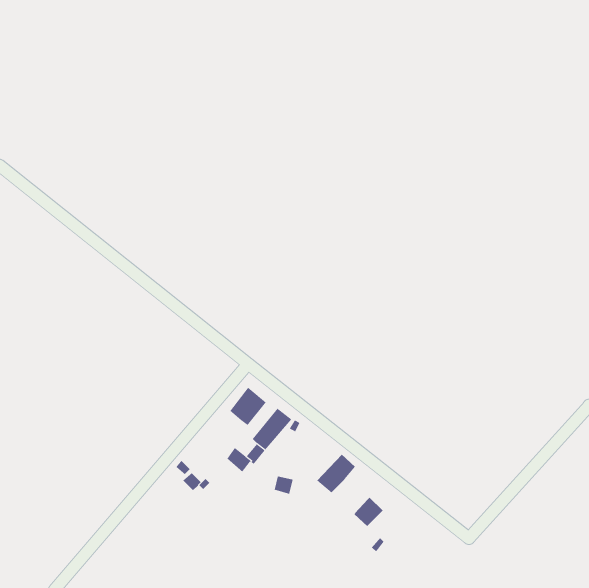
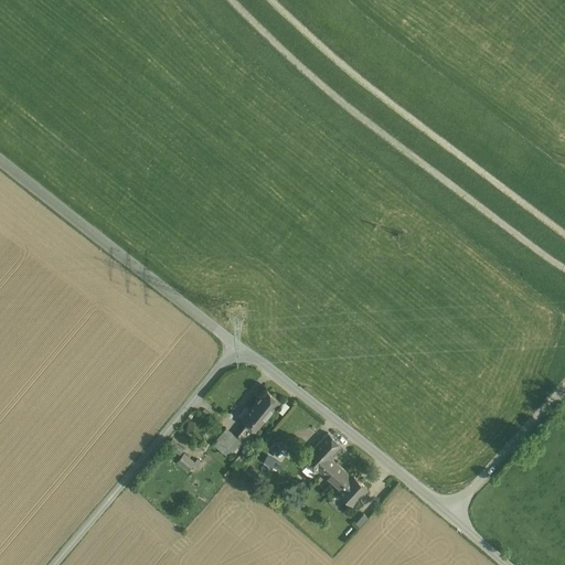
building: [230,387,267,426] -> none
building: none -> [318,460,351,492]

